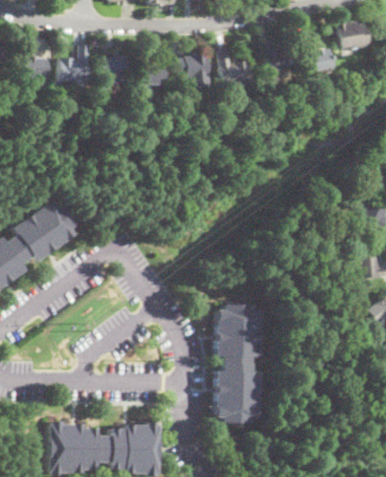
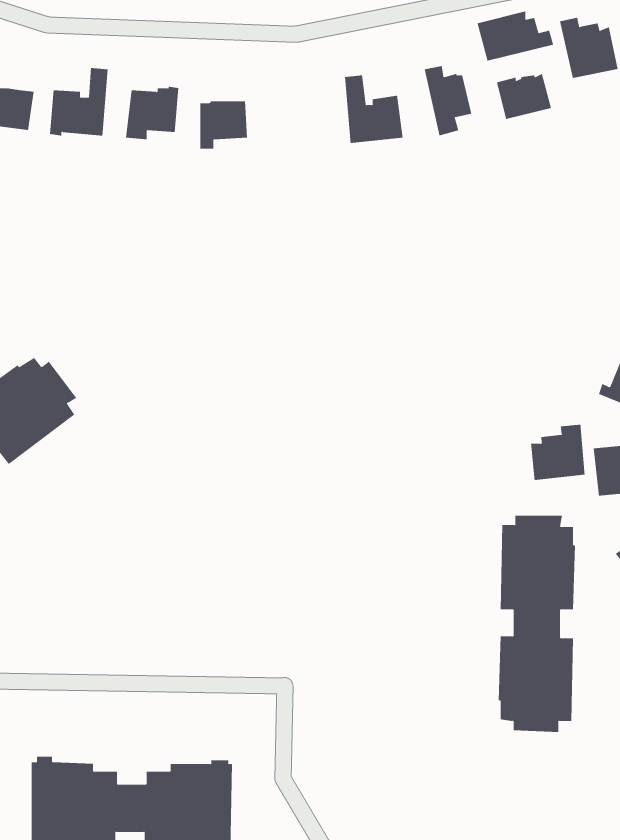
building: none -> [477,11,554,62]
building: [179,53,211,88] -> none
building: none -> [530,424,585,481]
building: [215,305,258,423] -> [498,515,576,732]

